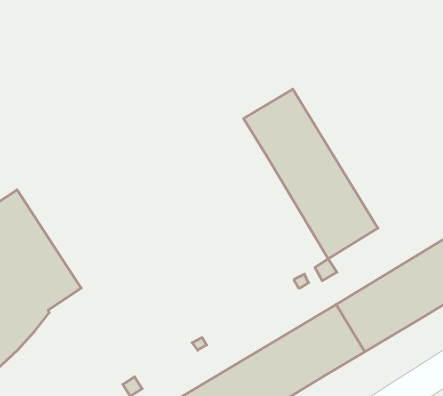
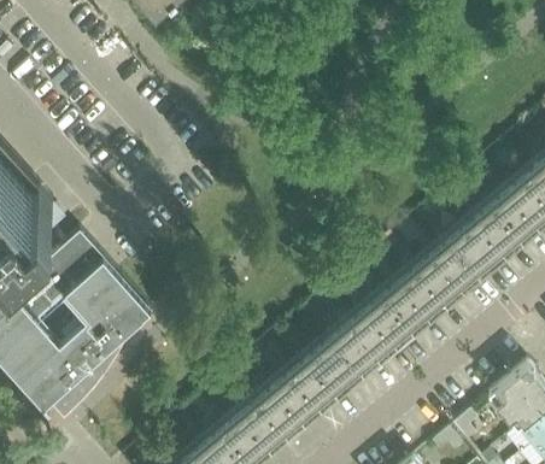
building: [244,89,378,259] -> none

